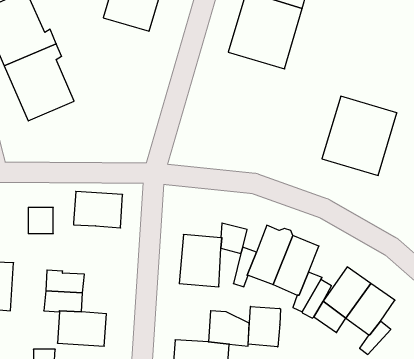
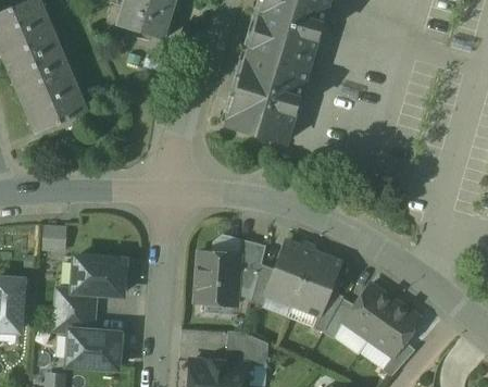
building: [322,96,397,175] -> [226,61,304,143]
building: [74,191,123,228] -> [73,257,124,295]
building: [248,306,280,347] -> none

